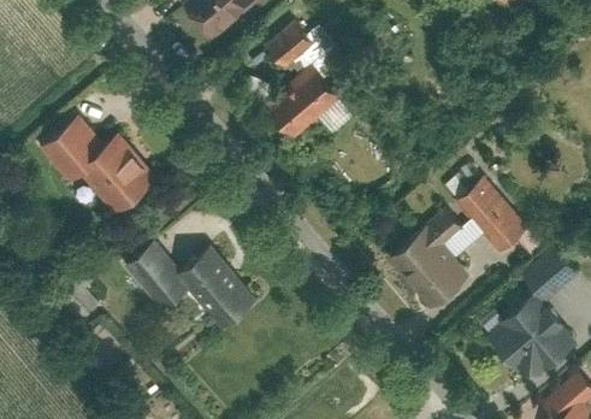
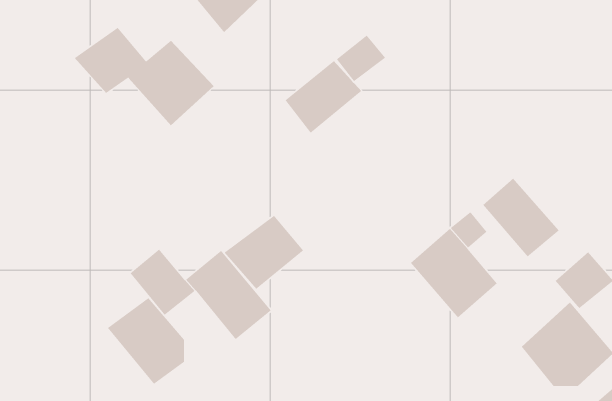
building: [265,24,312,69] -> [336,35,386,82]
building: [26,122,158,214] -> [74,27,215,126]
building: none -> [224,215,304,290]
building: none -> [107,297,185,385]

